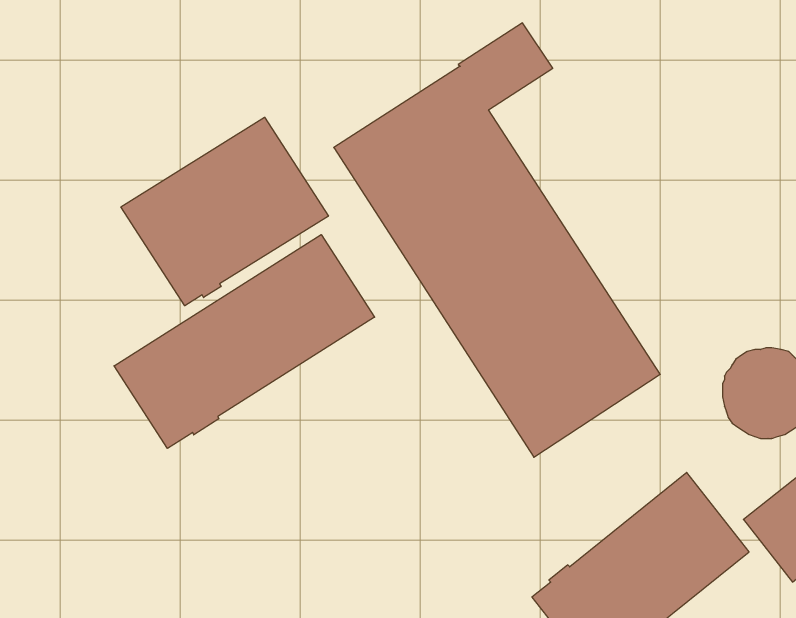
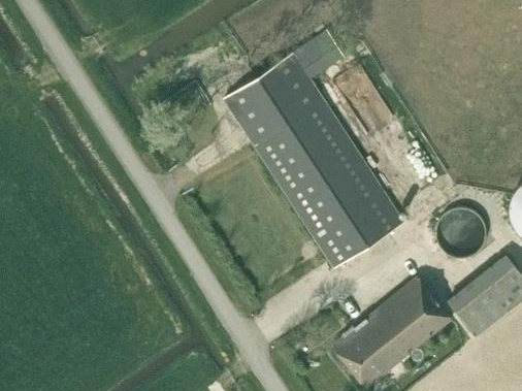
building: [121,117,328,306] -> none
building: [114,235,375,448] -> none

